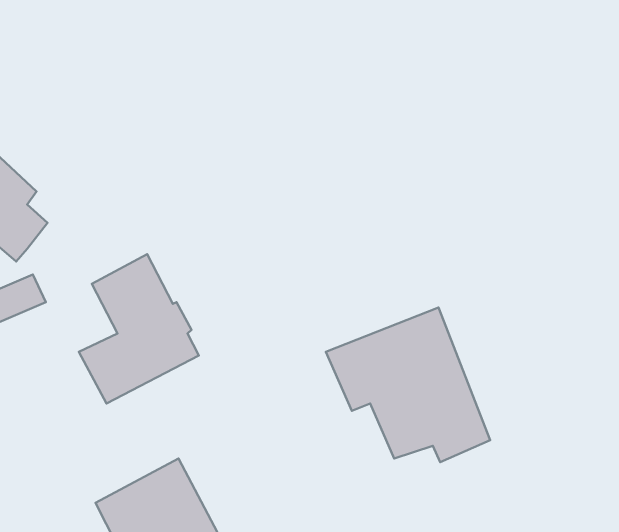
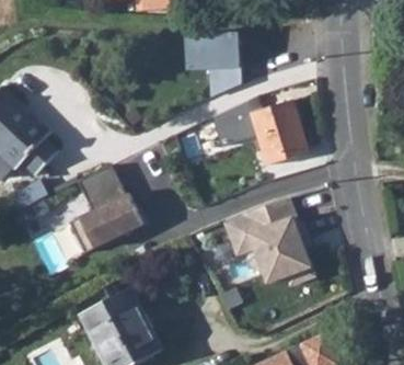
building: none -> [176,36,238,98]
building: none -> [212,98,309,167]

